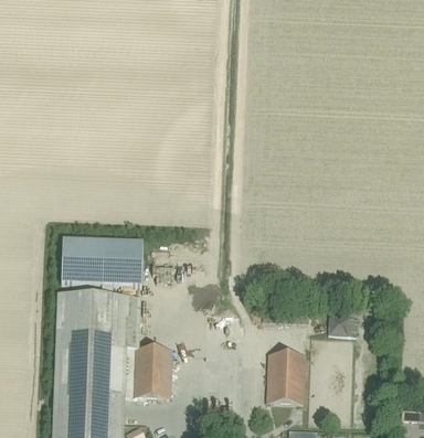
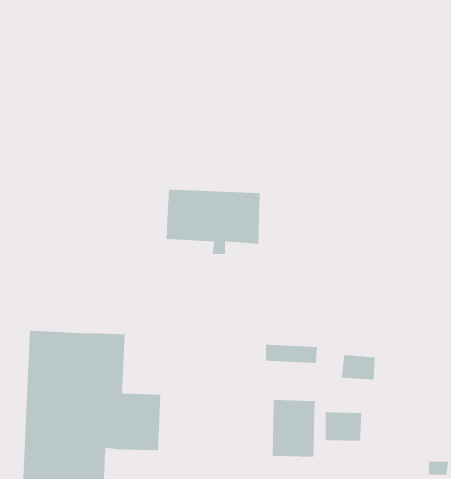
building: [62,238,144,295] -> [166,189,261,255]
building: none -> [325,412,362,442]

